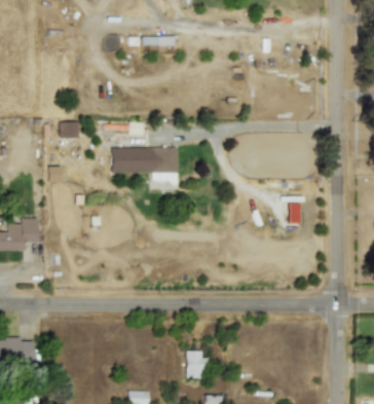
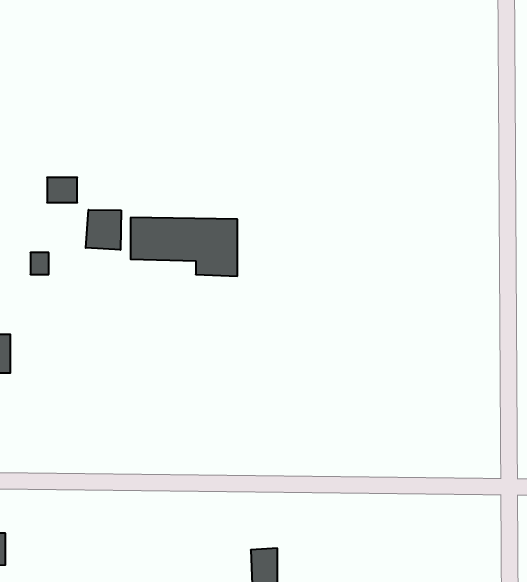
building: none -> [86,210,121,250]

